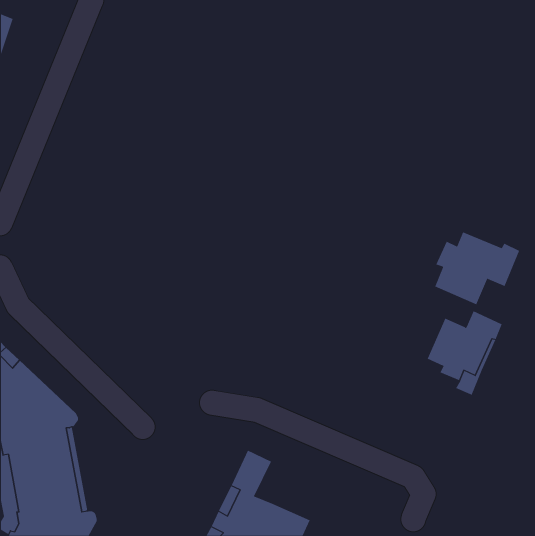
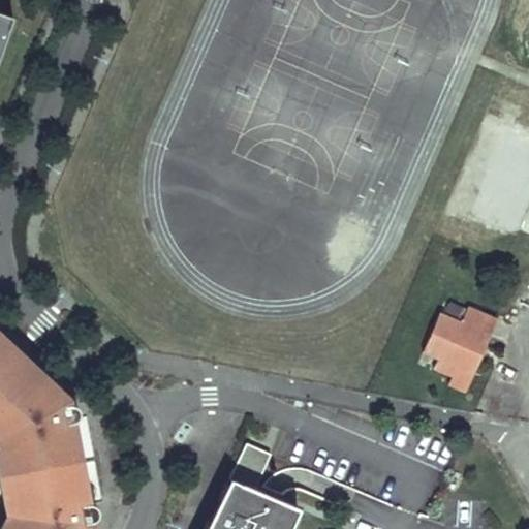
building: [434,232,520,305] -> none

